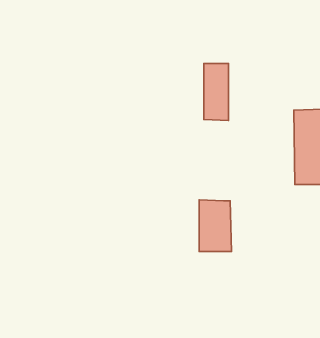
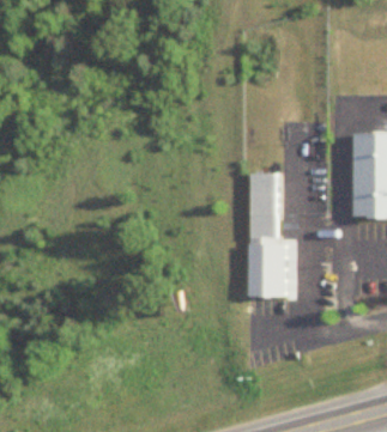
building: [204,64,229,121] -> [248,172,276,236]

